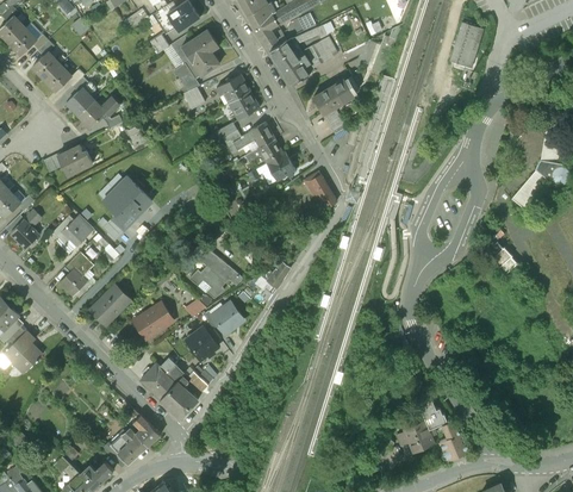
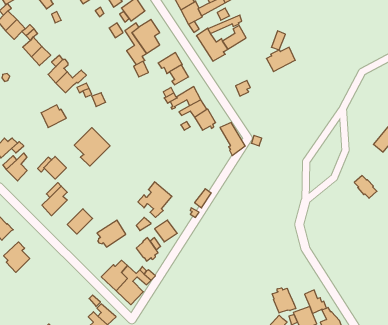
building: [449,24,479,68] -> none
building: [311,82,350,116] -> [266,47,295,72]
building: none -> [272,288,296,313]

